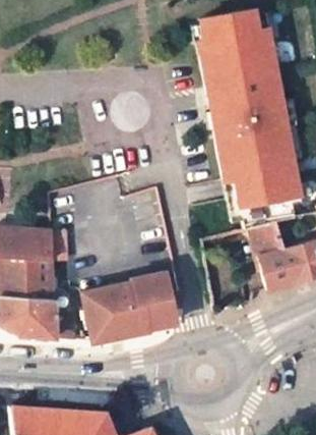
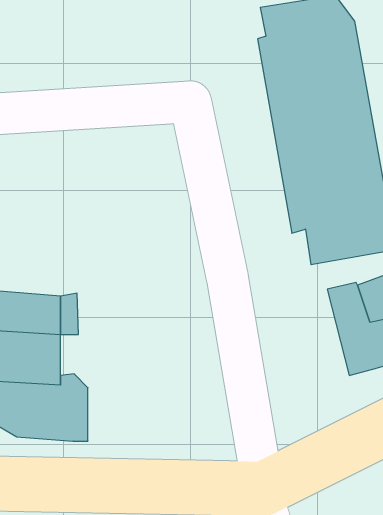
building: [81,274,177,343] -> none

